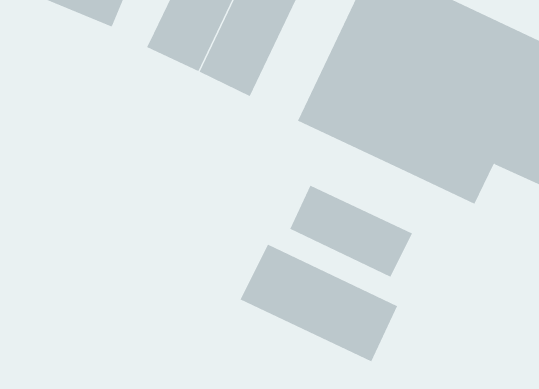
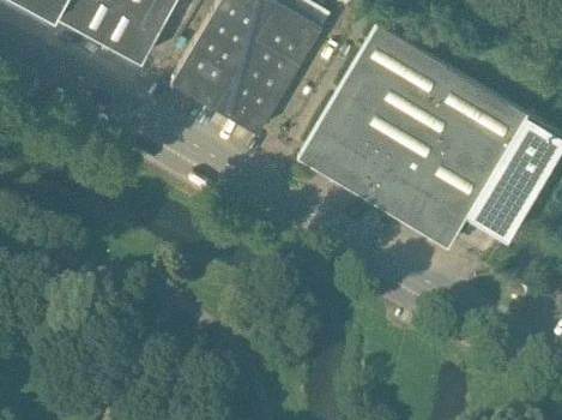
building: [289,185,413,277] -> none
building: [240,244,398,362] -> none

